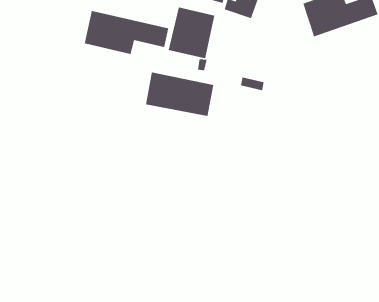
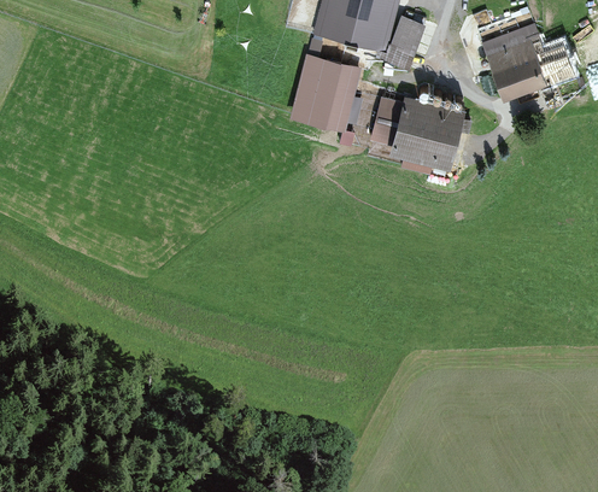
building: [84,10,169,55] -> none
building: [145,72,214,117] -> [371,96,468,159]

